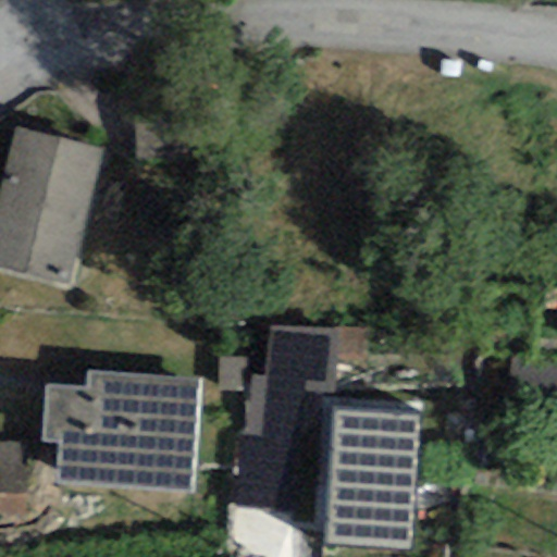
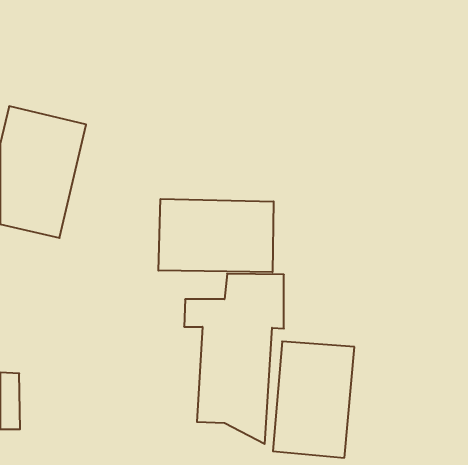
building: none -> [158,199,274,272]
building: [42,371,201,488] -> none

